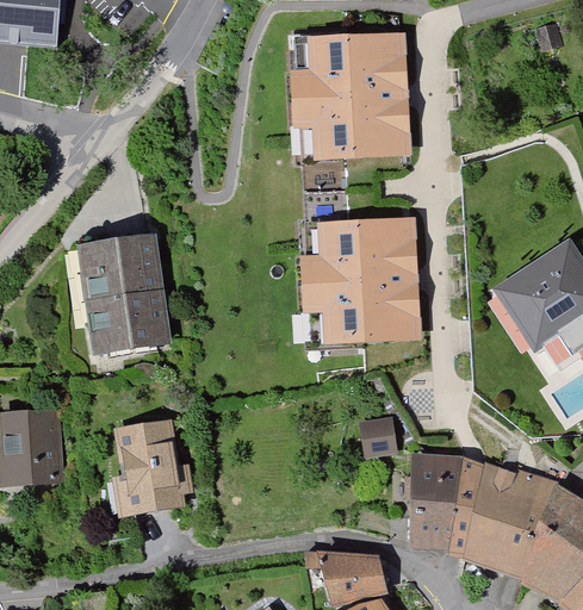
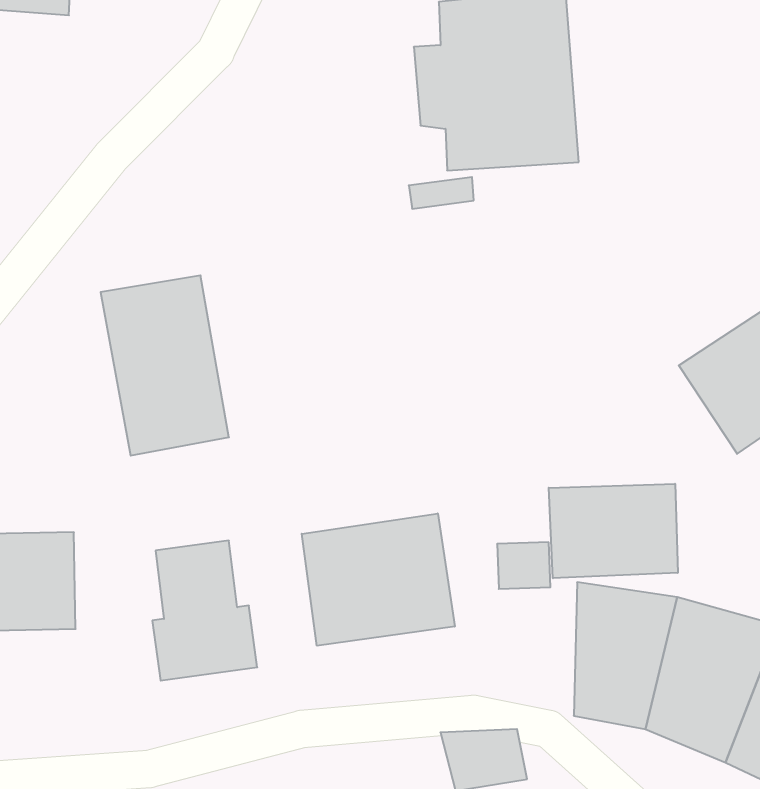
building: [306,213,422,341] -> none
building: none -> [549,484,678,578]
building: none -> [302,513,455,646]

